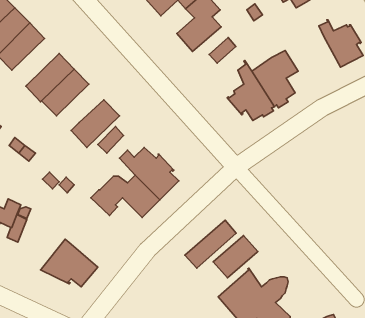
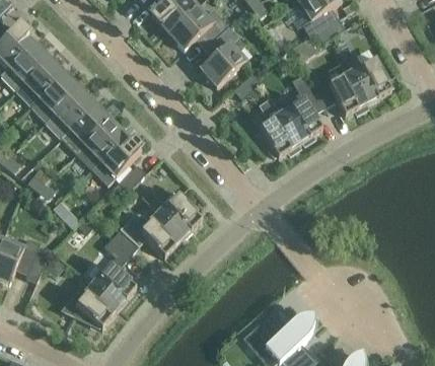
building: none -> [311,71,368,116]
building: none -> [30,73,79,121]
building: none -> [76,120,125,167]
building: none -> [91,236,136,307]
building: [185,220,236,268] -> none
building: [213,235,258,278] -> none

